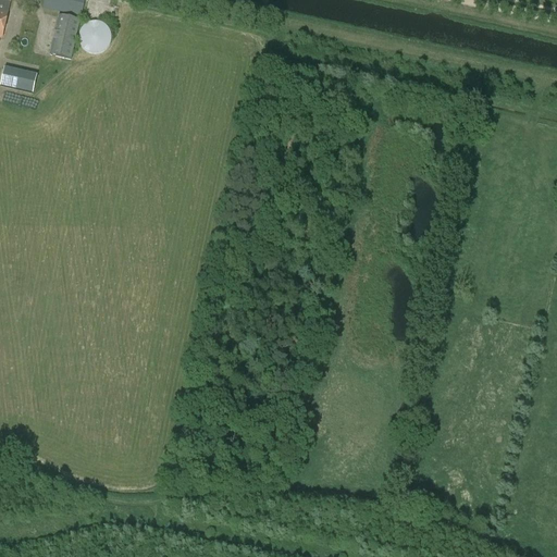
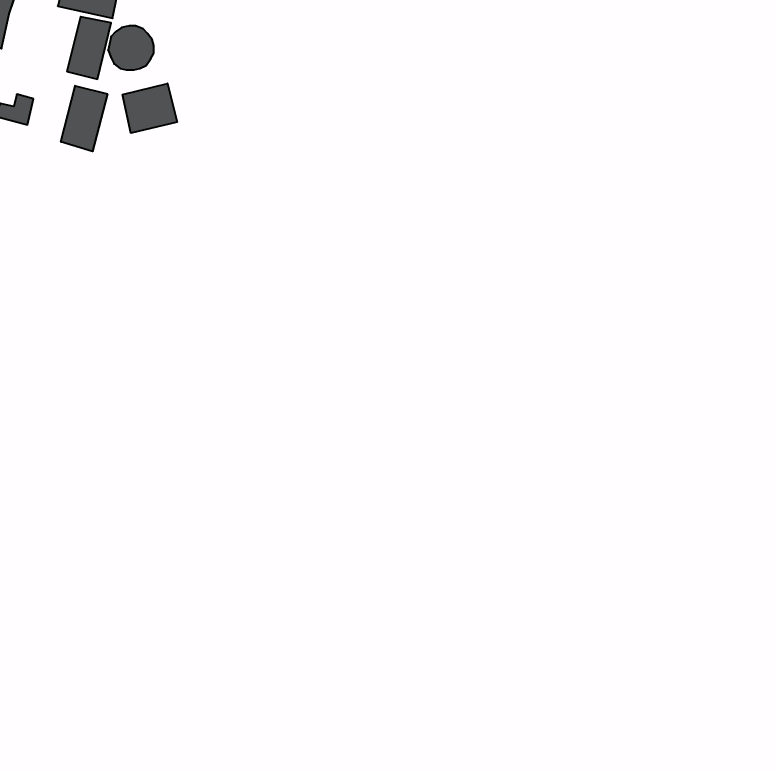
building: none -> [123,83,177,133]
building: none -> [61,86,107,151]

